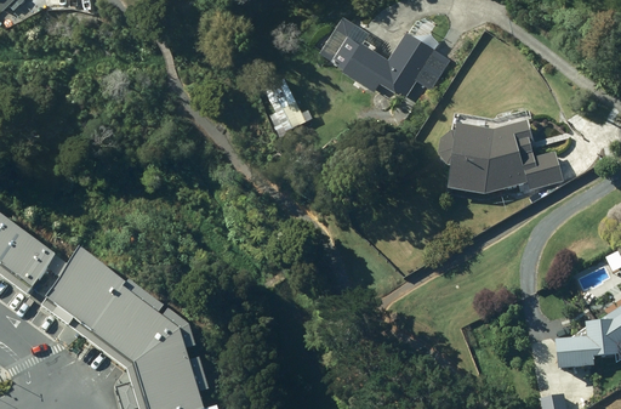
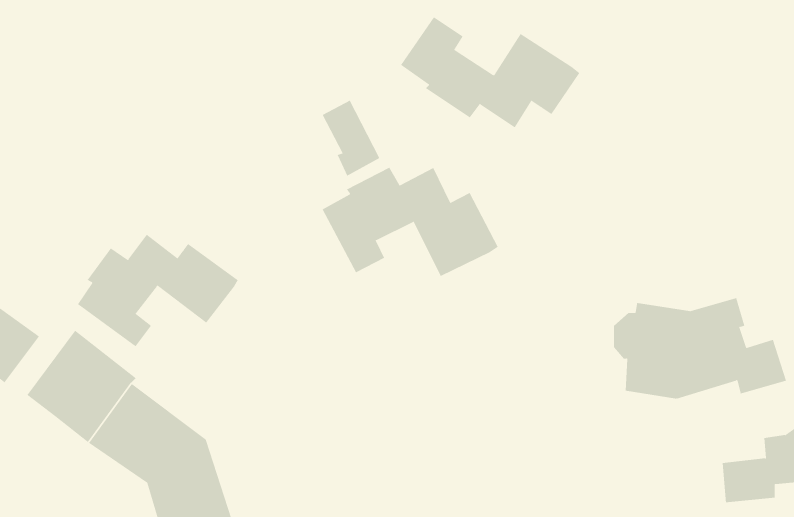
building: [435,123,562,197] -> [613,297,787,399]
building: none -> [322,167,499,277]
building: none -> [77,234,238,347]

